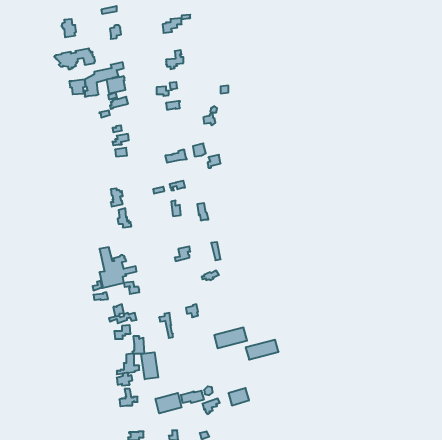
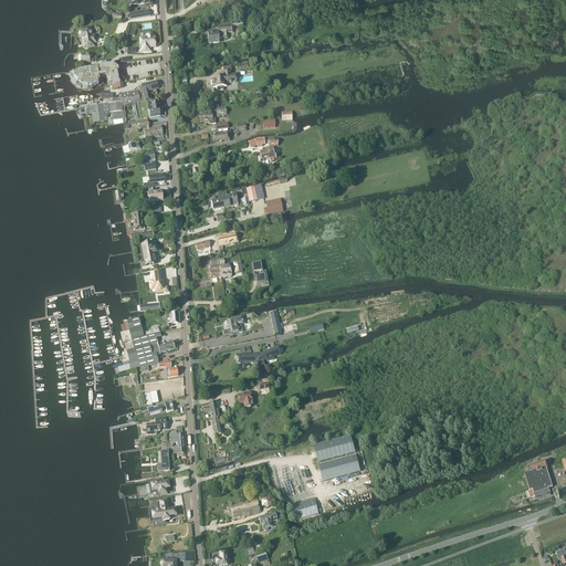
building: [214,328,247,348] -> [318,453,360,480]
building: [141,352,158,379] -> none
building: none -> [525,459,553,499]
building: [156,393,182,413] -> none

